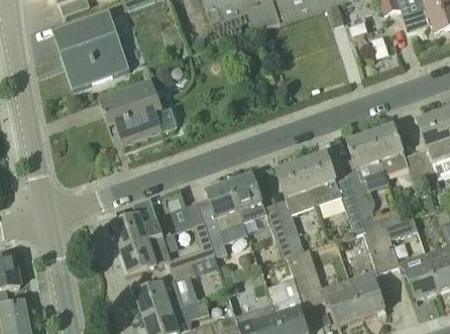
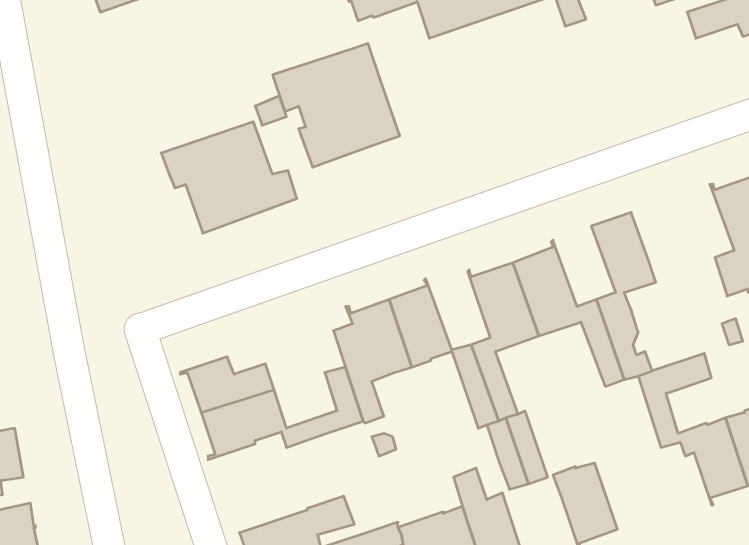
building: [54,13,128,85] -> [273,44,400,167]
building: [370,123,426,184] -> none
building: [171,200,205,228] -> none
building: [349,226,387,315] -> none
building: [131,260,195,317] -> none

